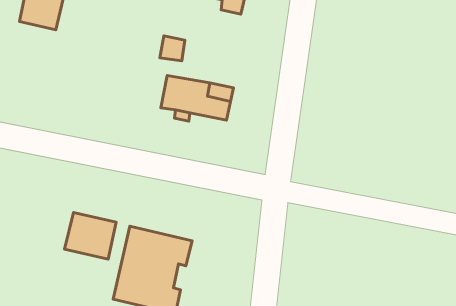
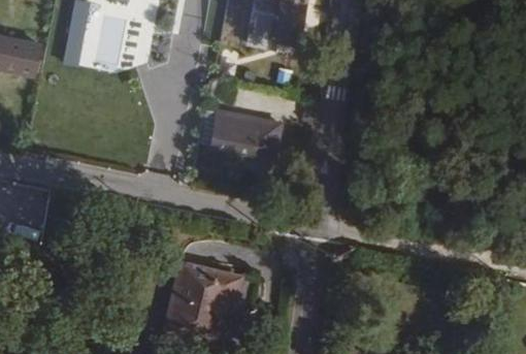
building: [64,213,116,259] -> none

